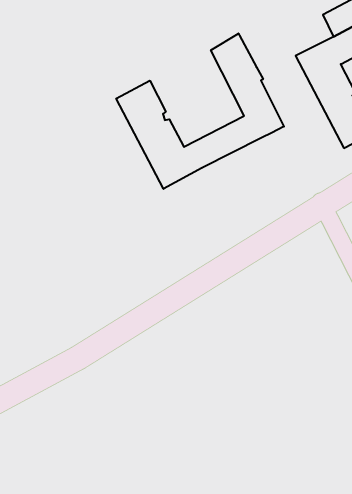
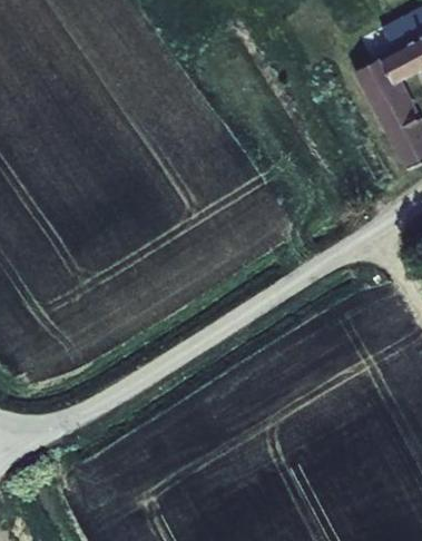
building: [116,33,284,189] -> none

